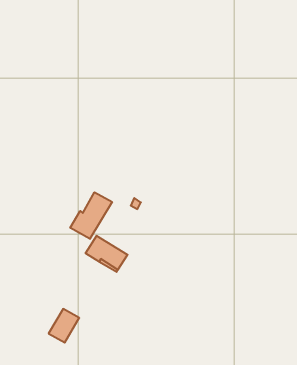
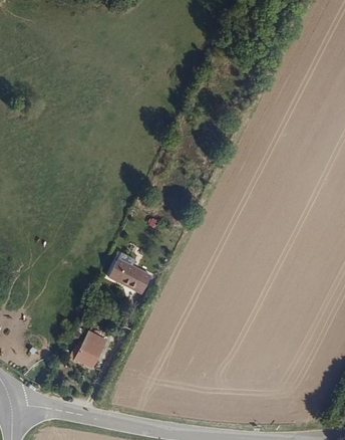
building: [70,192,112,239] -> none

